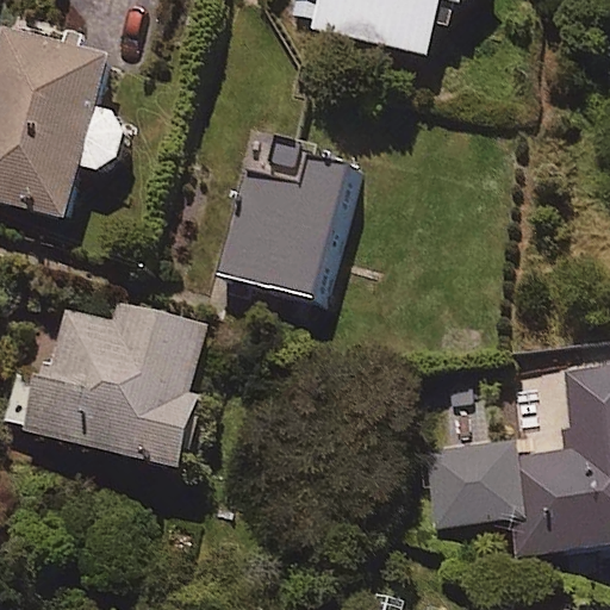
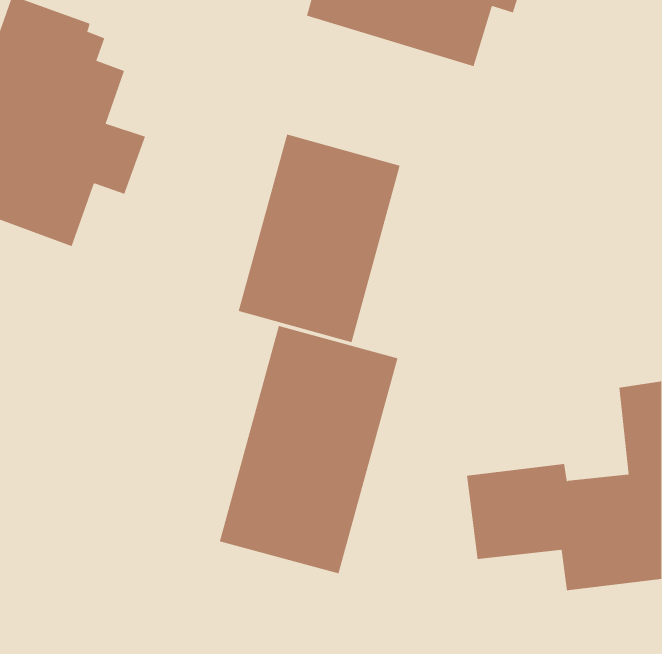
building: none -> [219,325,398,574]
building: [27,304,211,478] -> none

